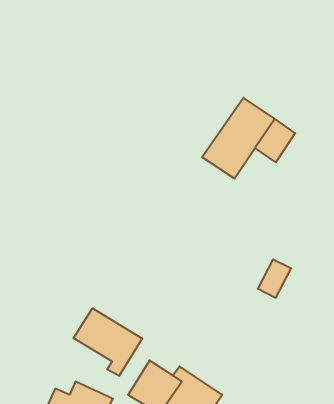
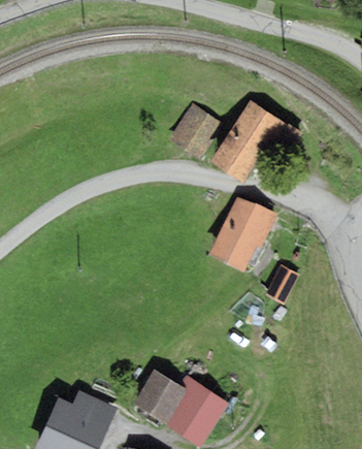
building: none -> [168,103,223,160]
building: none -> [208,197,277,271]
building: [73,308,142,376] -> none

